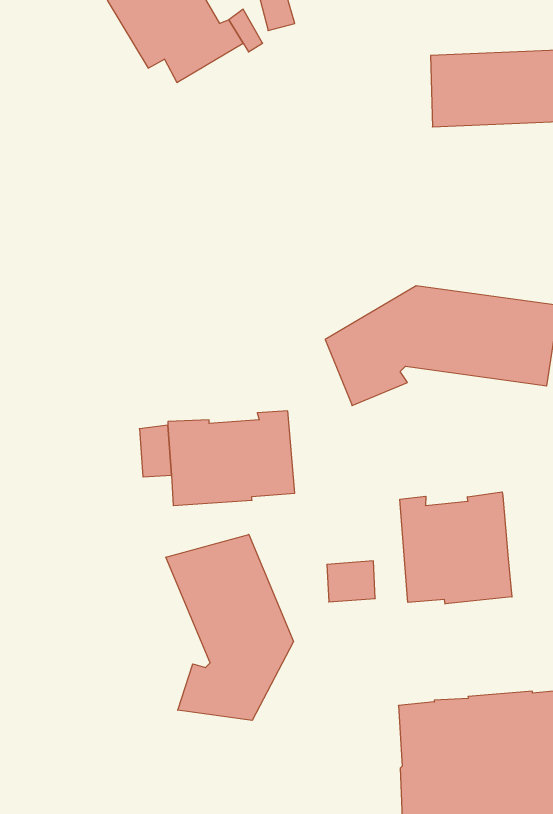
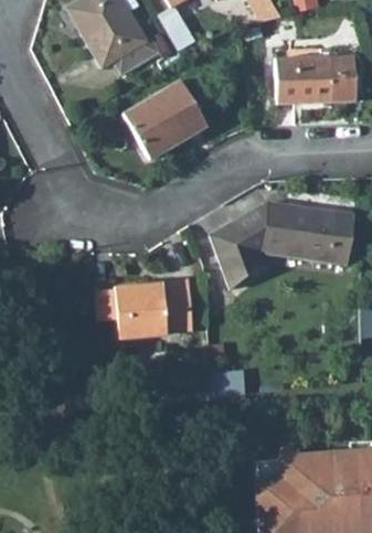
building: none -> [123,81,206,159]
building: [400,492,512,604] -> none
building: [166,534,293,720] -> none

